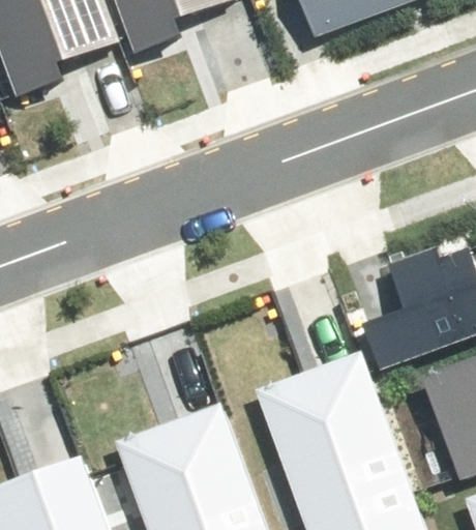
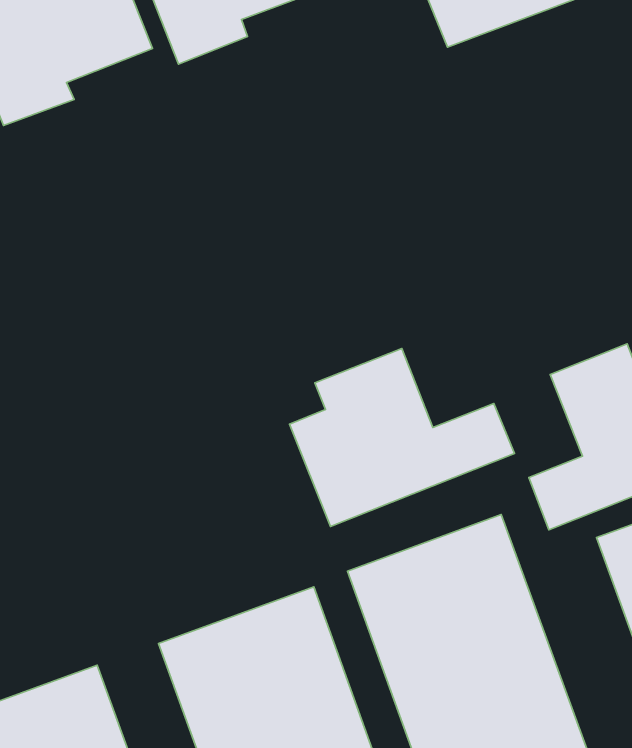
building: none -> [289,349,515,526]

